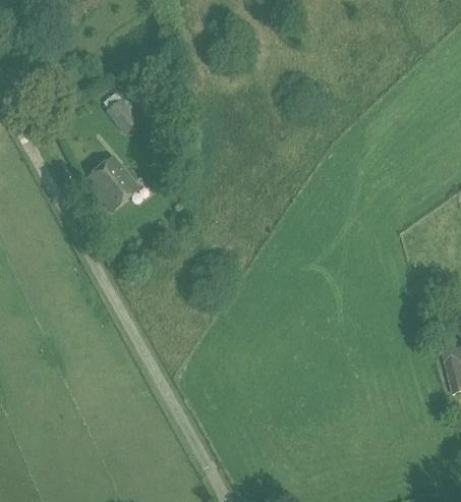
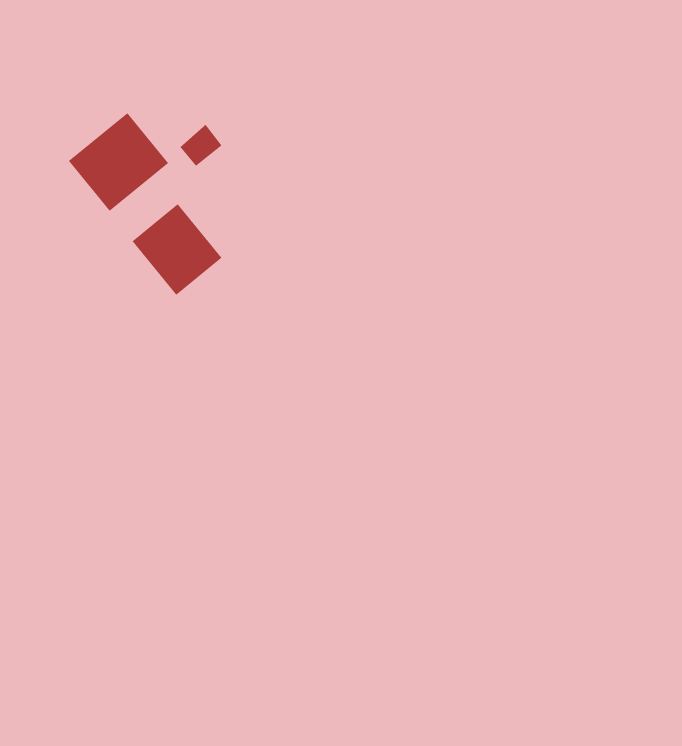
building: none -> [68,112,169,212]

